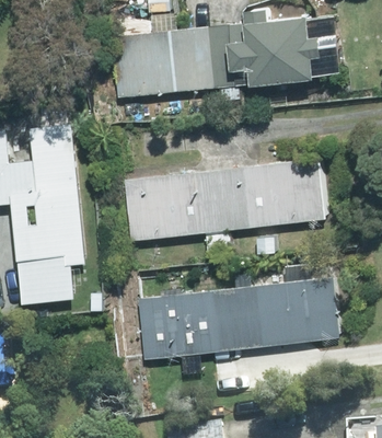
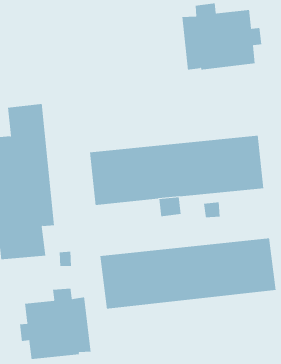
building: [111,23,239,102] -> none
building: none -> [19,288,91,360]

